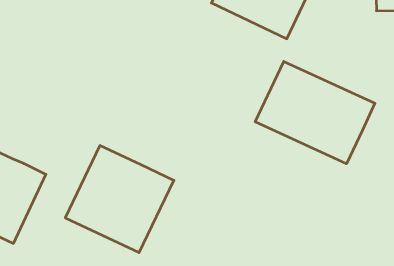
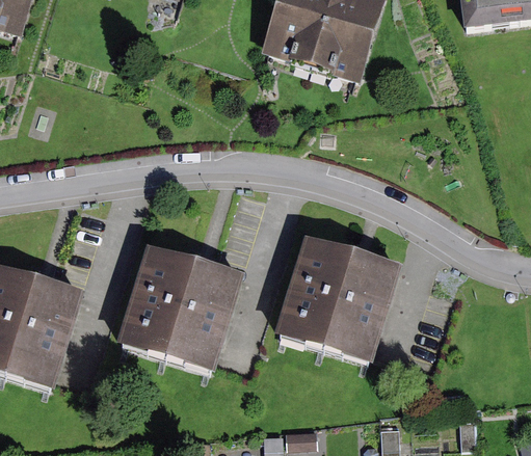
building: [255,61,375,164] -> none
building: none -> [276,236,397,359]

